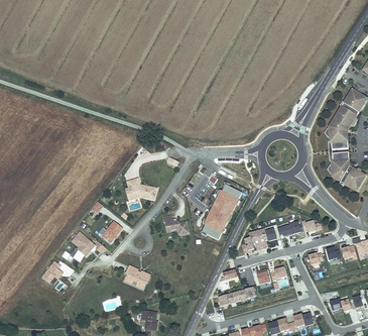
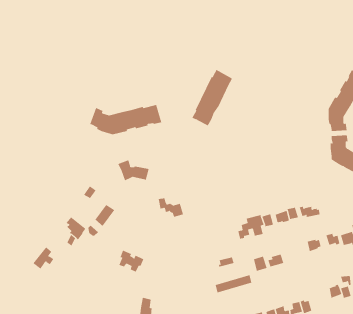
building: none -> [90,104,162,135]
building: [200,181,240,236] -> [191,69,233,126]

